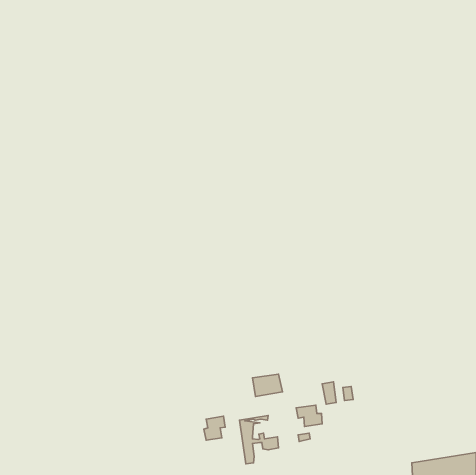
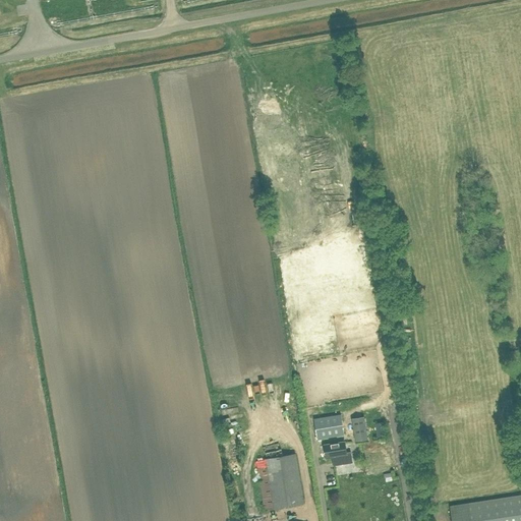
building: [253,374,282,397] -> [313,416,346,441]
building: [204,416,225,440] -> none

